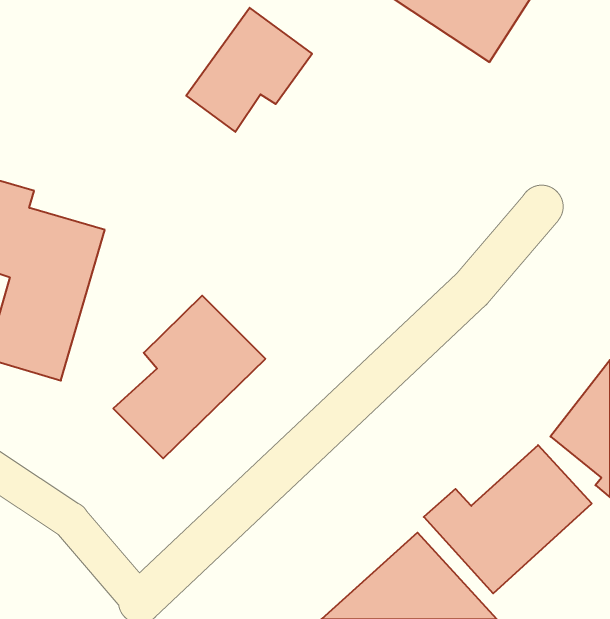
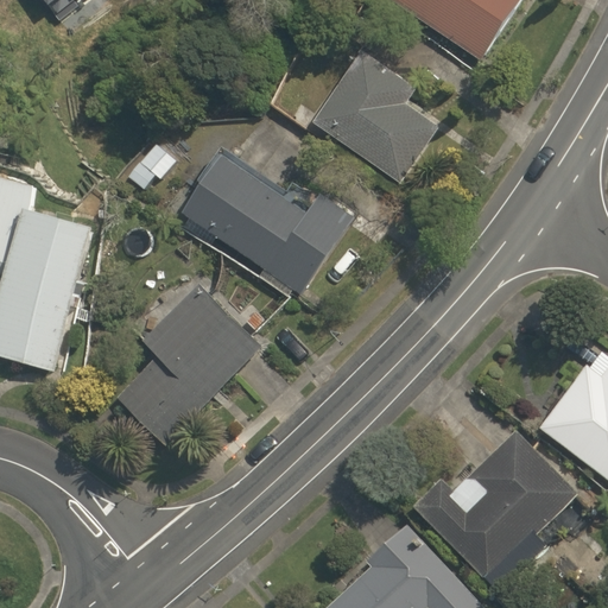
building: [186,8,312,132] -> none
building: none -> [314,51,436,183]
building: none -> [185,154,356,297]

